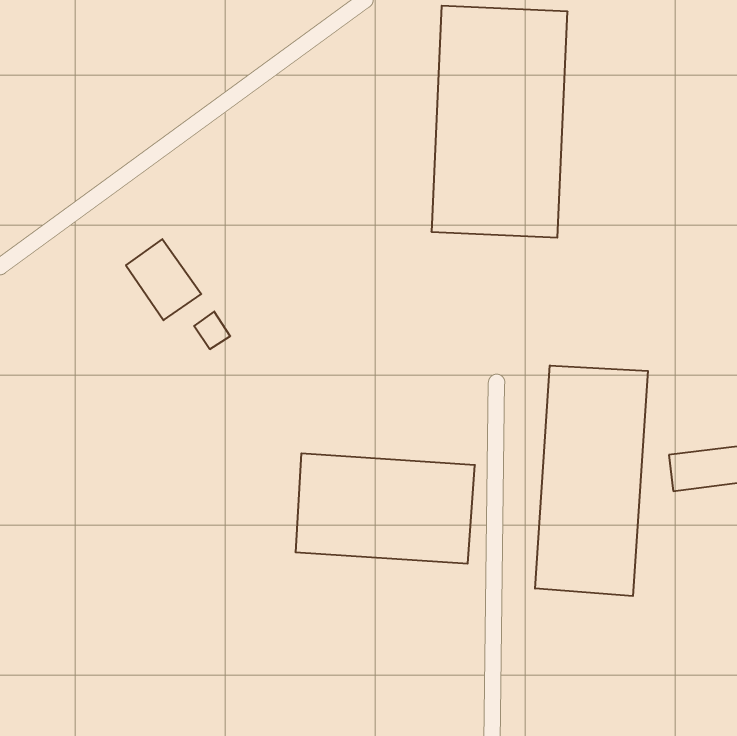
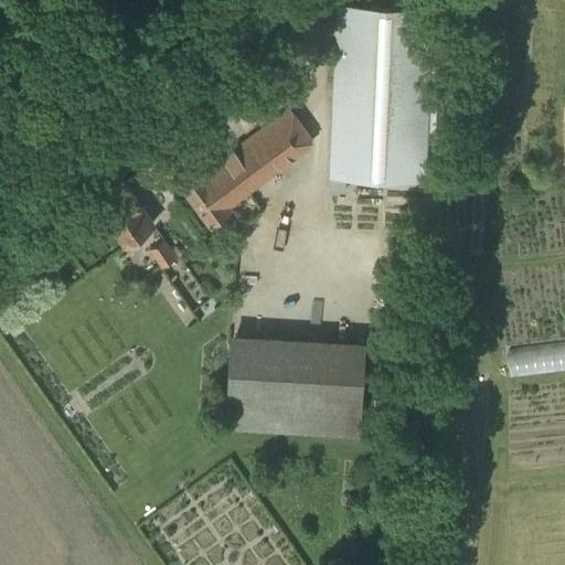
building: none -> [185,113,313,227]
building: [535,365,648,596] -> none

